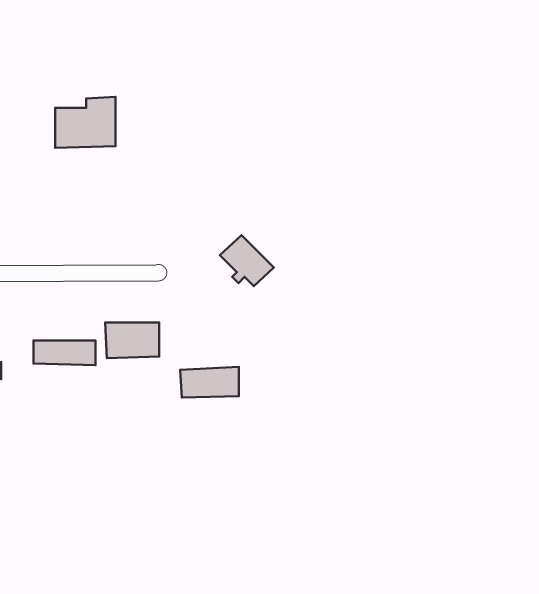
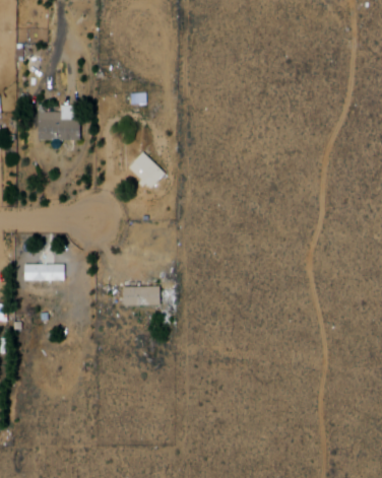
building: [220,235,274,286] -> [129,153,165,187]
building: [105,322,159,358] -> none

